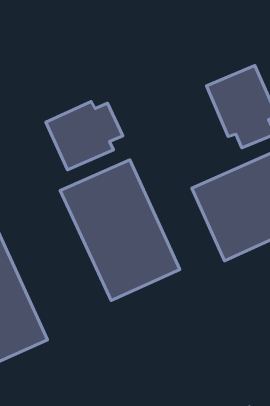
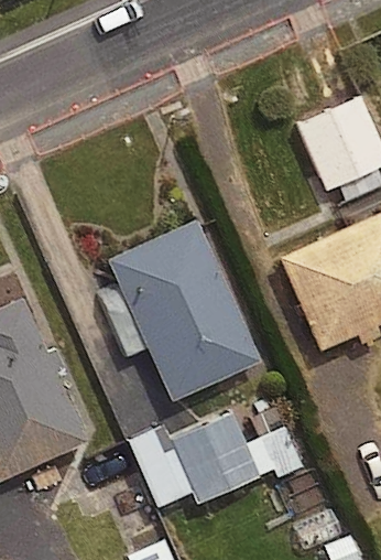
building: [46,101,123,170] -> none
building: none -> [124,412,300,510]

